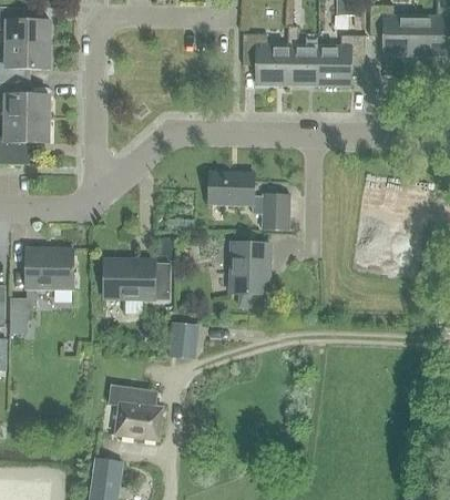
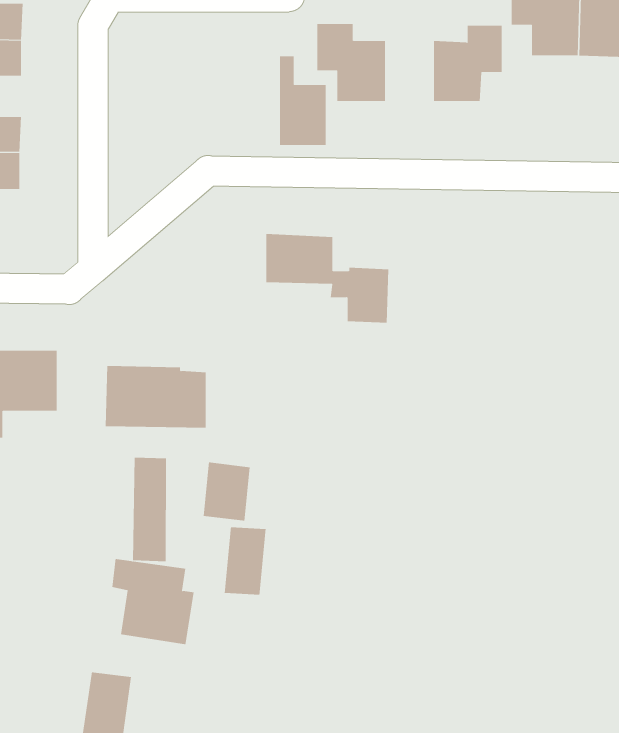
building: [287,25,318,84] -> [279,56,327,145]
building: [228,242,269,305] -> none
building: none -> [132,457,166,562]
building: none -> [224,527,266,596]

